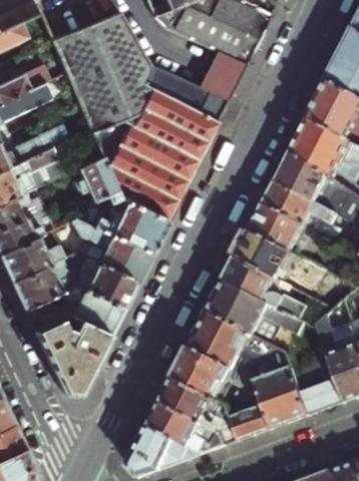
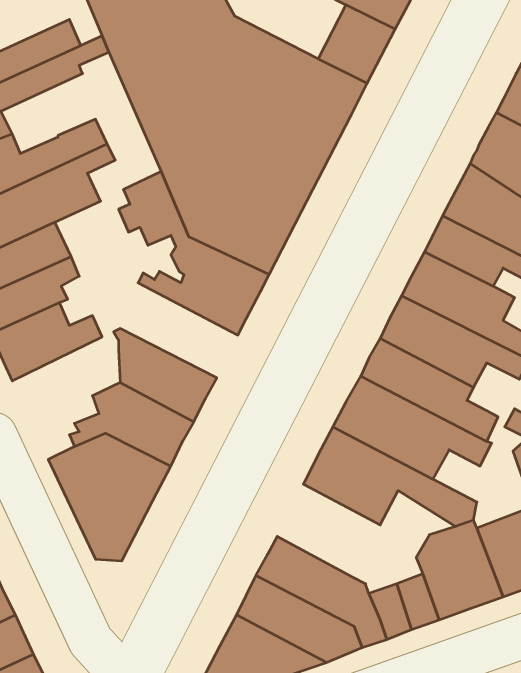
building: [72,214,148,279] -> none
building: [10,251,76,308] -> none
building: [172,344,236,401] -> none

